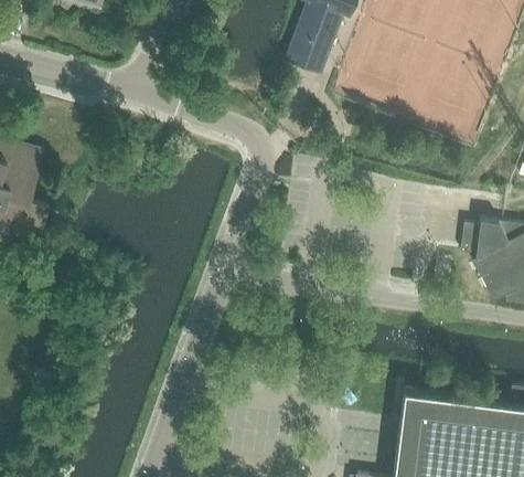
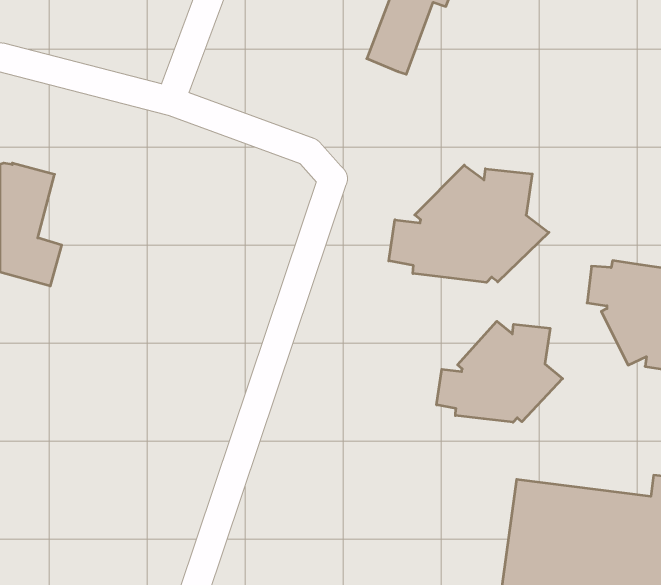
building: none -> [389,165,549,282]
building: none -> [437,321,563,422]

